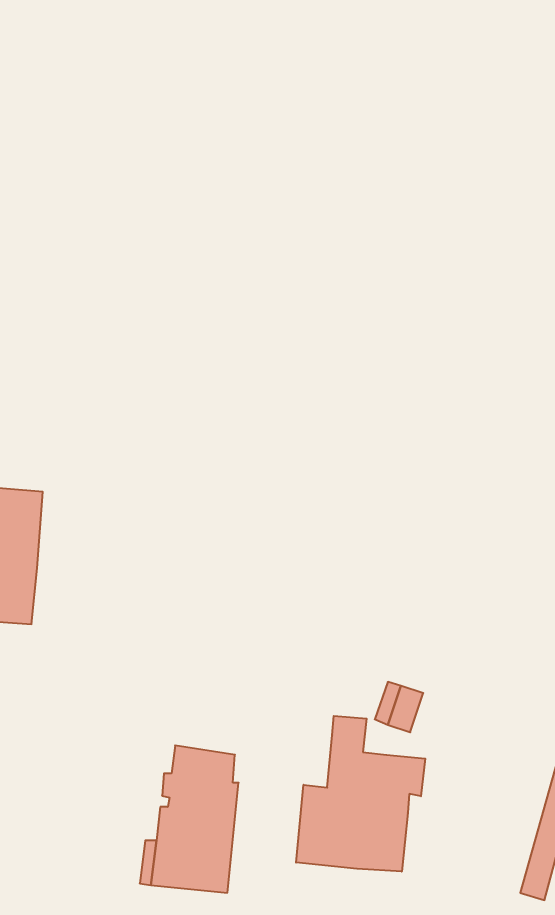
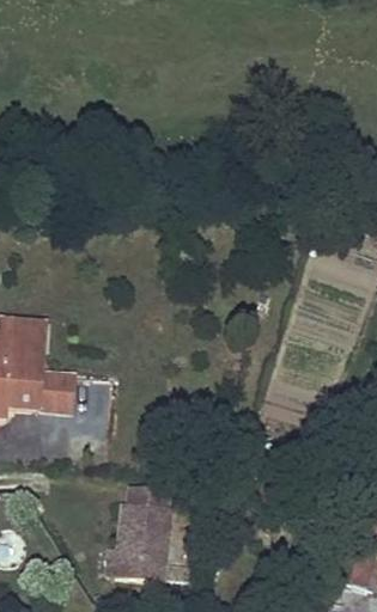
building: none -> [37,374,74,414]
building: [296,716,425,872] -> none

